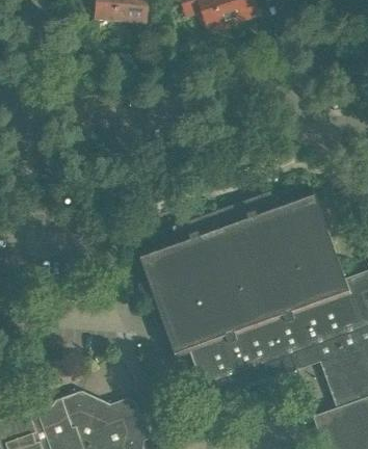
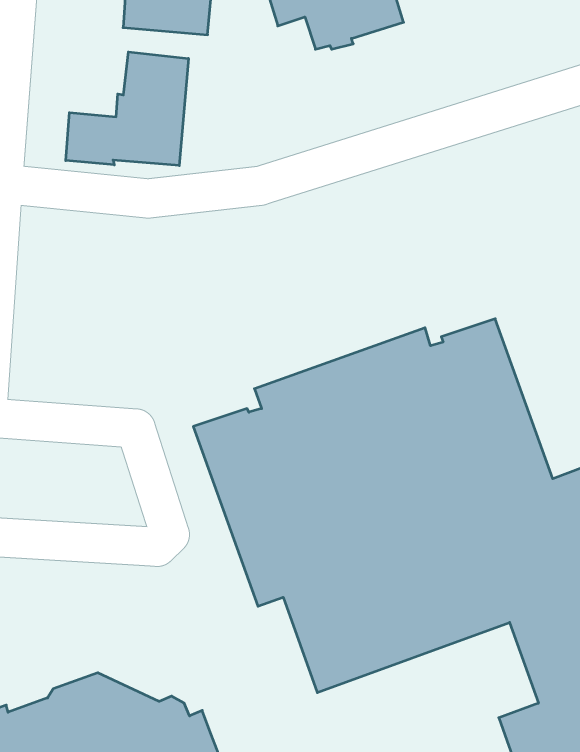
building: none -> [66,52,188,166]

